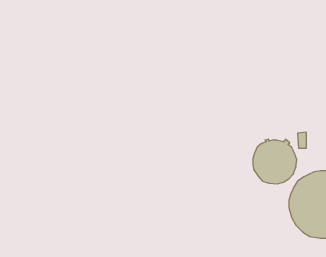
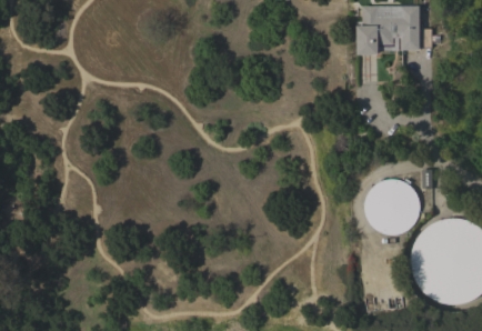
building: none -> [357,6,419,54]

